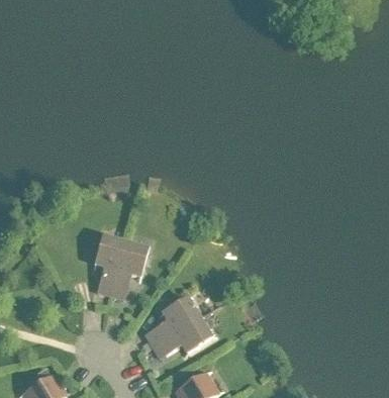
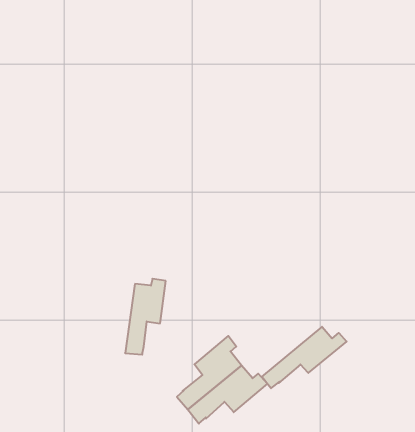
building: [93,230,124,295] -> none
building: none -> [262,327,347,388]

